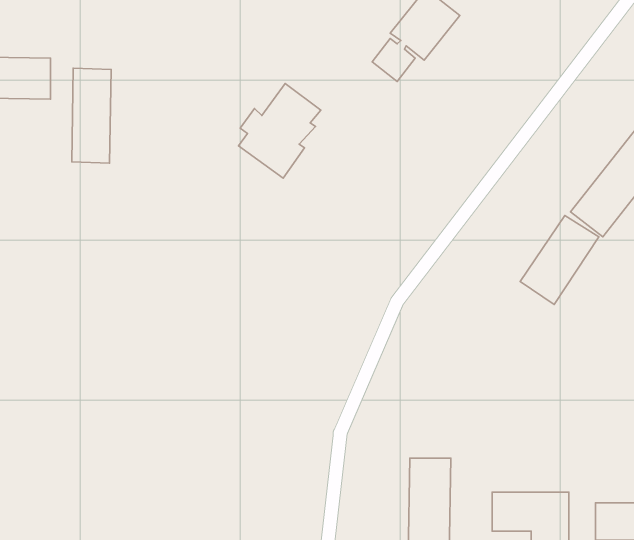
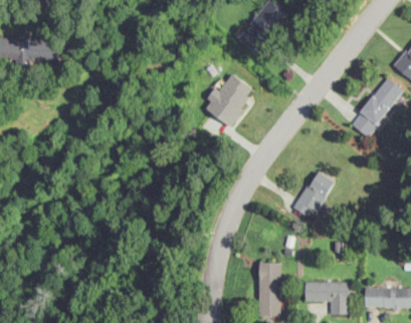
building: [72,68,111,163] -> none
building: [239,84,321,178] -> [206,73,252,126]
building: [520,215,599,305] -> [291,170,336,220]

